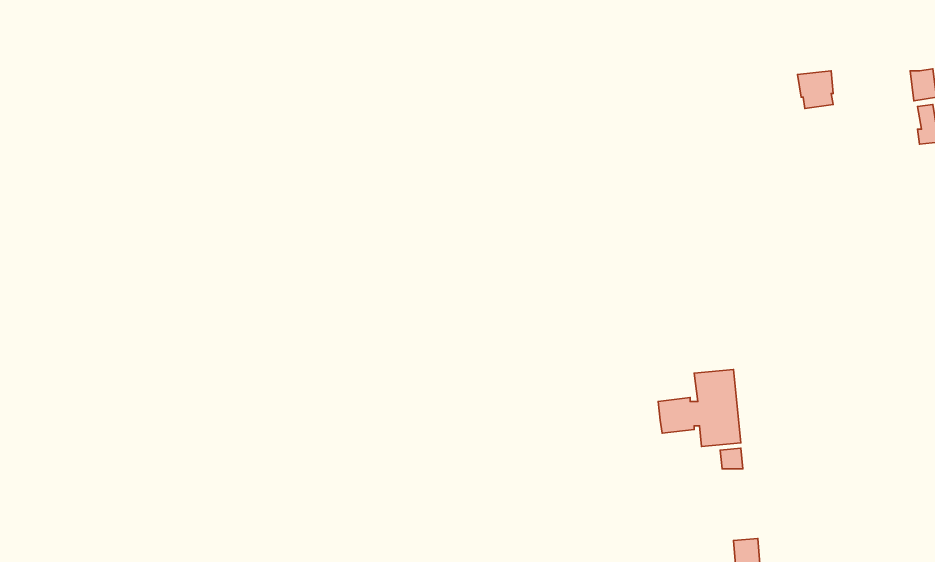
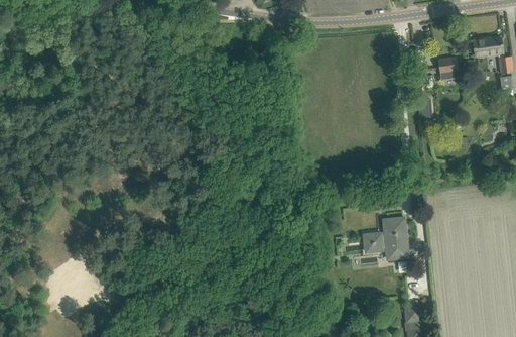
building: none -> [472,37,503,55]

